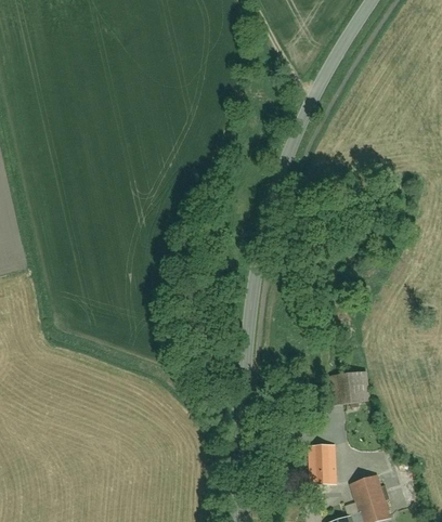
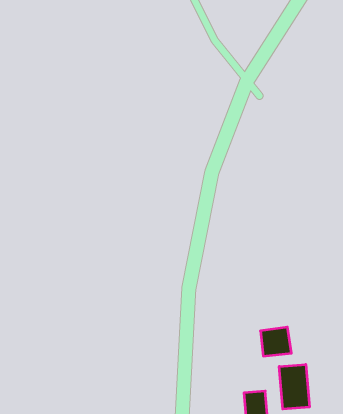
building: none -> [279,364,309,409]

